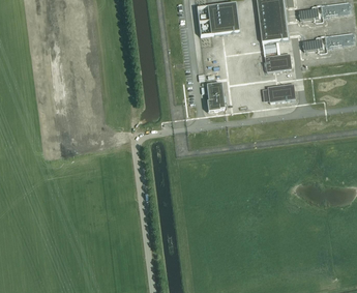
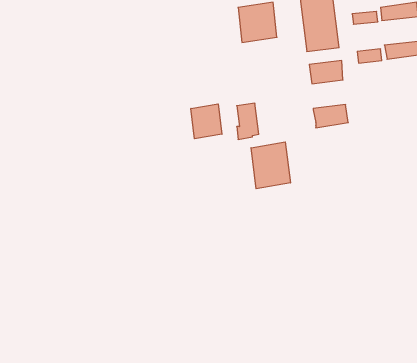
building: none -> [191,104,222,139]
building: none -> [251,142,290,189]

